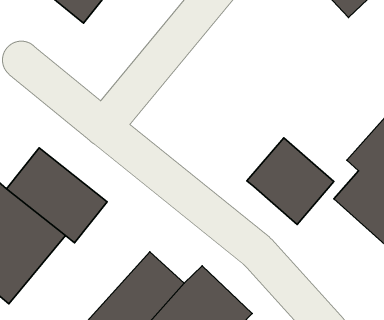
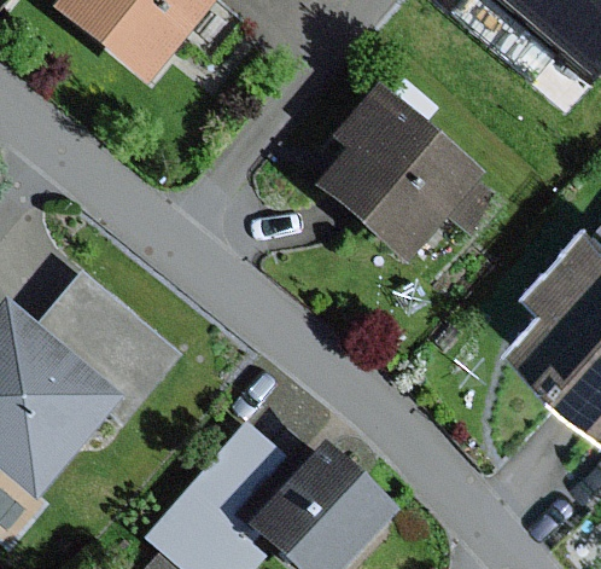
building: none -> [316,81,485,263]
building: [247,138,334,224] -> none

